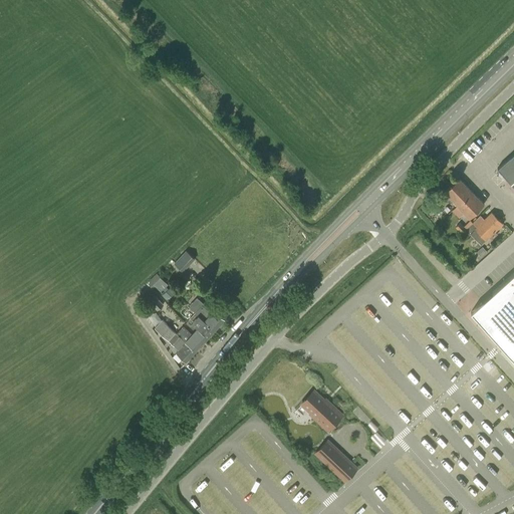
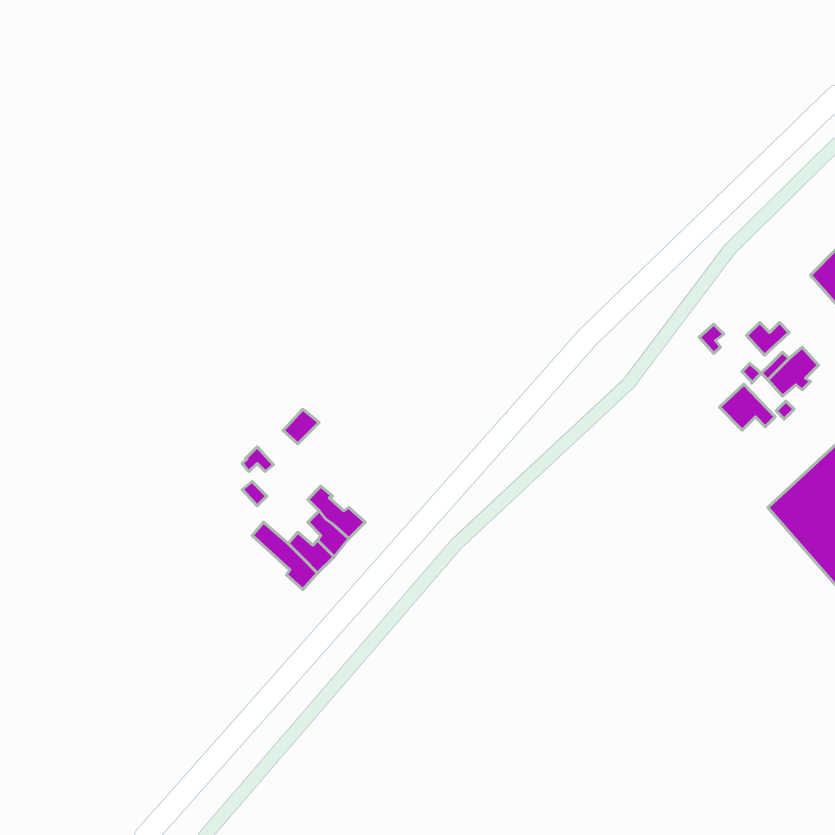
building: [445,179,479,207] -> [719,384,775,430]
building: [302,392,342,432] -> none
building: [316,442,357,482] -> none

